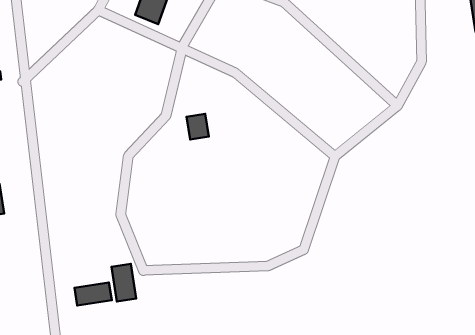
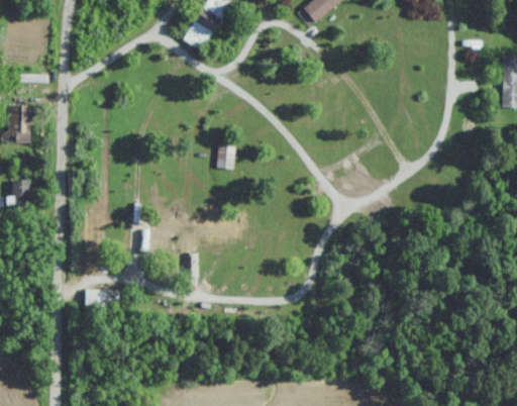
building: [111,264,136,301] -> none

